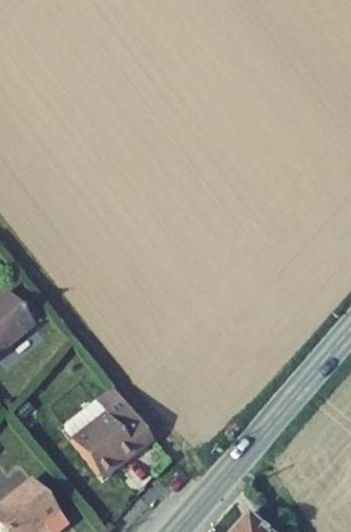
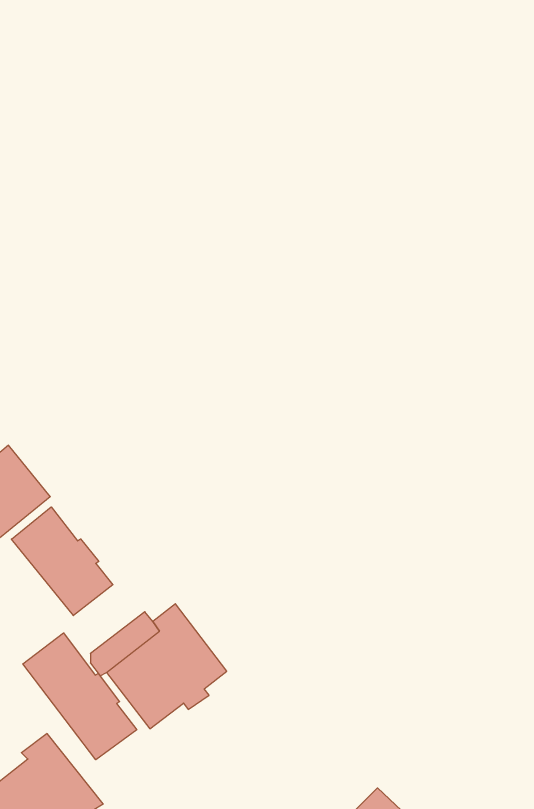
building: none -> [11,507,113,616]
building: none -> [23,633,137,760]

